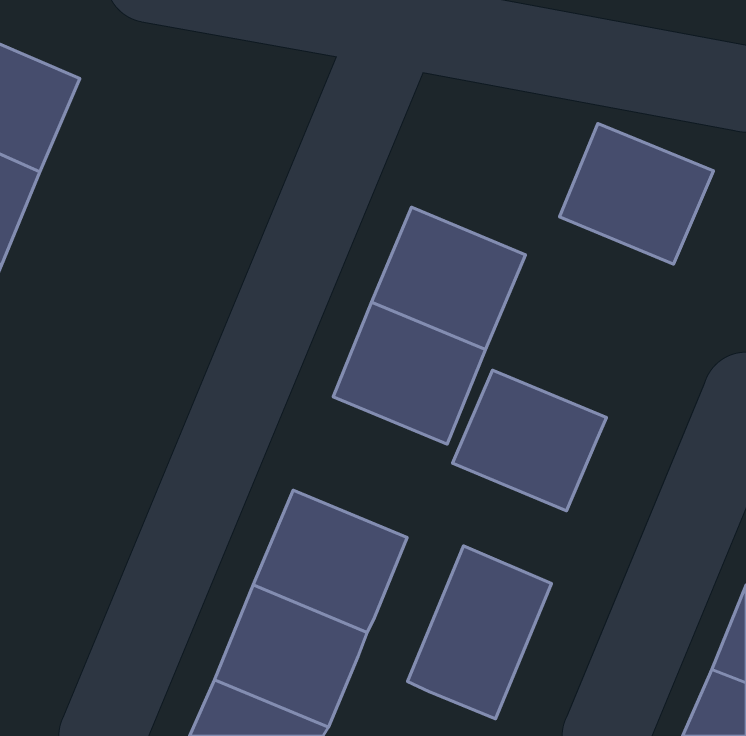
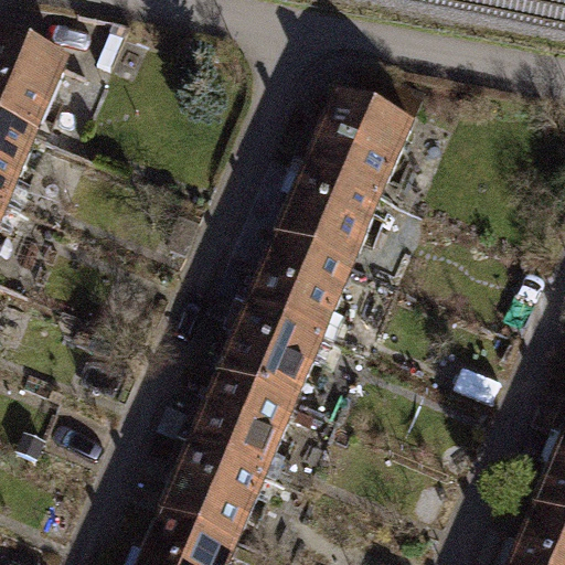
building: [559,123,713,264] -> [307,85,422,190]
building: [453,370,606,511] -> [218,296,333,401]
building: [407,546,552,719] -> none

